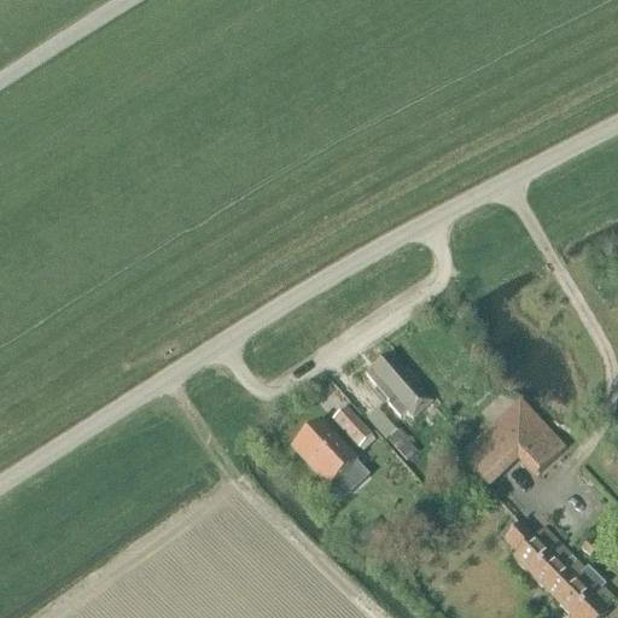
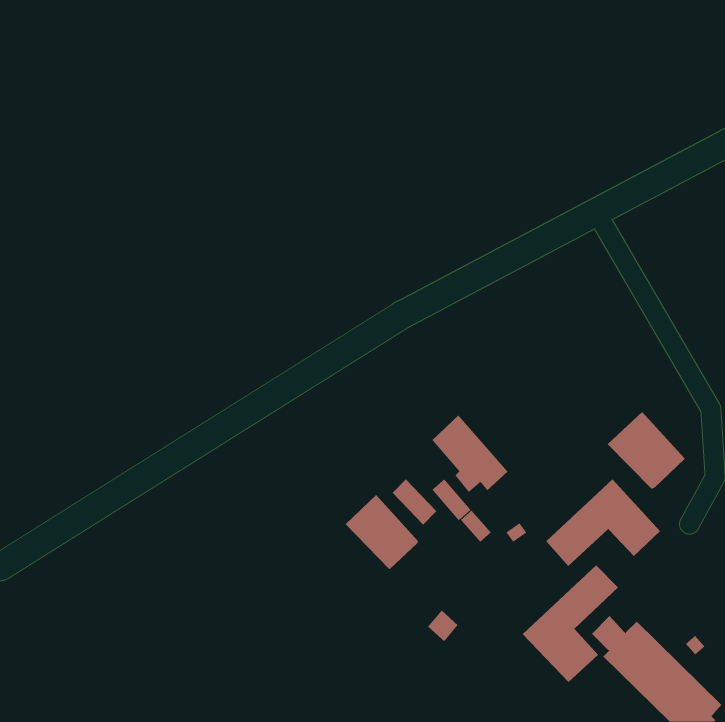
building: none -> [607,411,685,490]
building: none -> [522,565,619,683]

